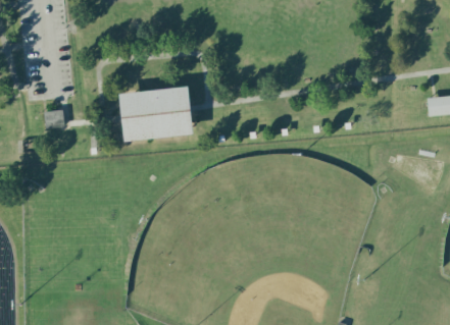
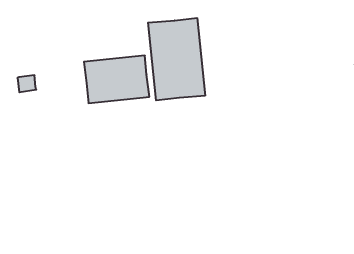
building: none -> [148,18,205,100]

